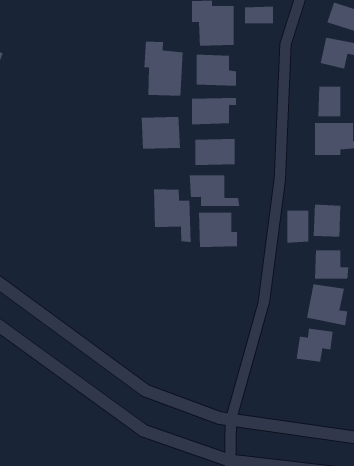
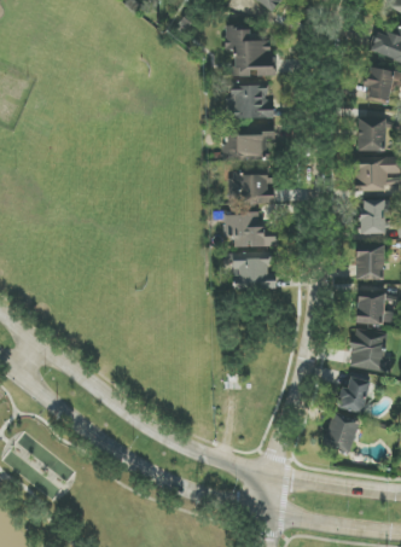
building: [245,6,274,24] -> none
building: [144,41,183,96] -> none
building: [141,116,180,149] -> none
building: [153,189,191,243] -> none
building: [287,210,309,243] -> [361,199,385,234]
building: none -> [324,413,360,453]

